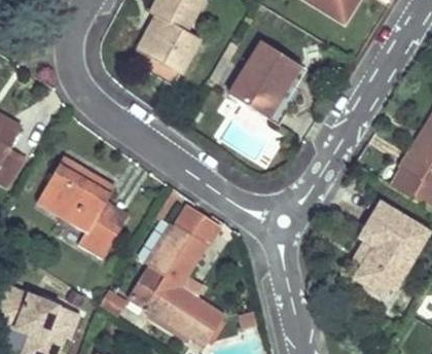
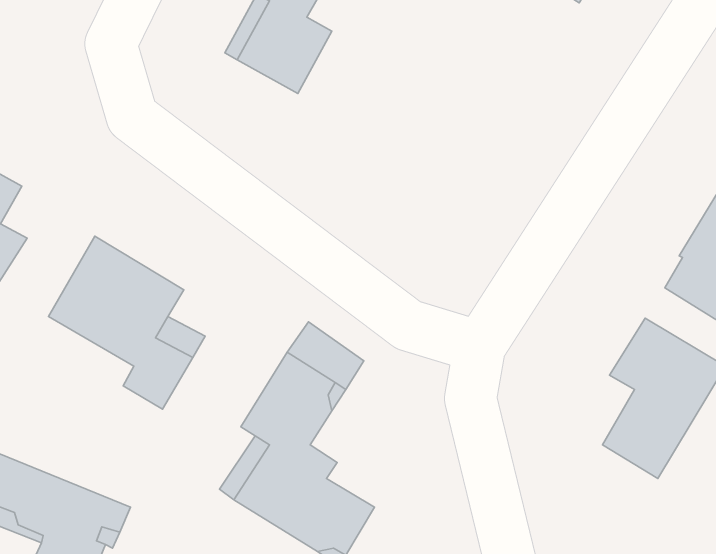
building: [228,41,299,118] -> none

